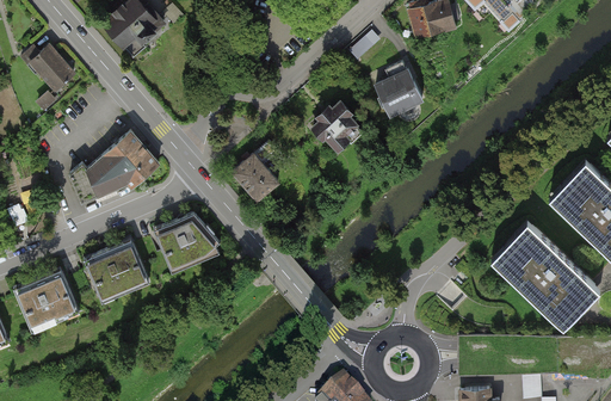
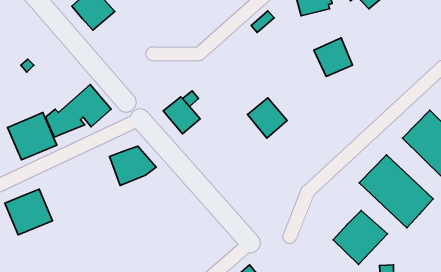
building: [27,42,74,90] -> none
building: [374,63,426,116] -> [314,38,353,77]
building: [311,98,365,153] -> [248,98,287,138]
building: [84,240,150,304] -> [8,112,57,160]
building: none -> [333,210,388,264]

